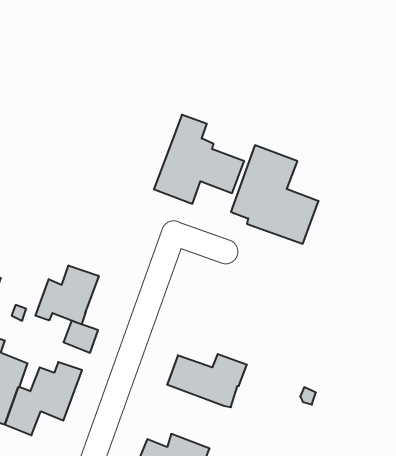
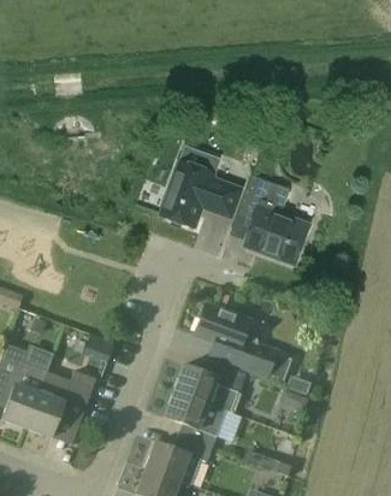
building: [35,265,99,324] -> none
building: none -> [194,305,292,382]
building: none -> [164,391,225,449]

